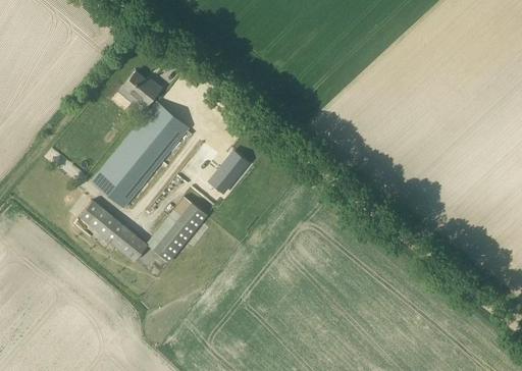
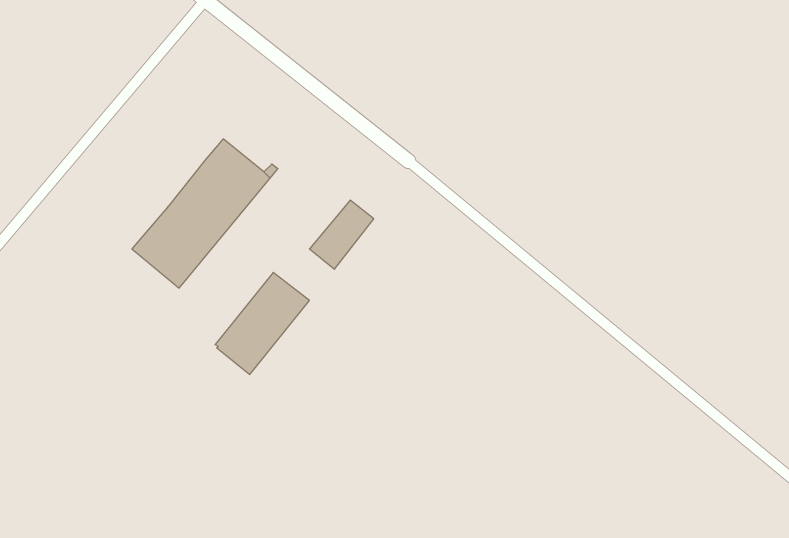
building: [120,70,162,105] -> none
building: [80,200,149,261] -> none

